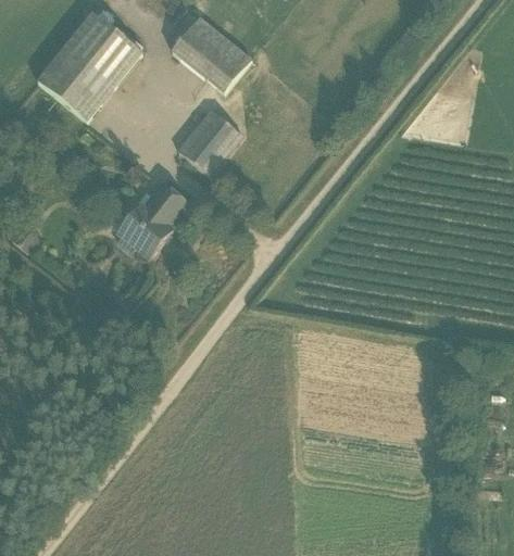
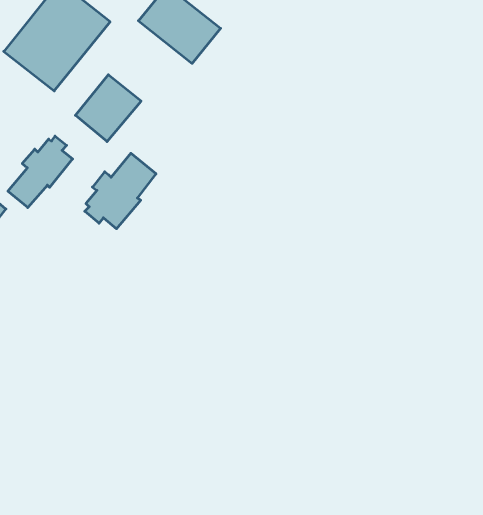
building: [178,109,243,175] -> [75,75,141,142]
building: none -> [8,136,73,208]

